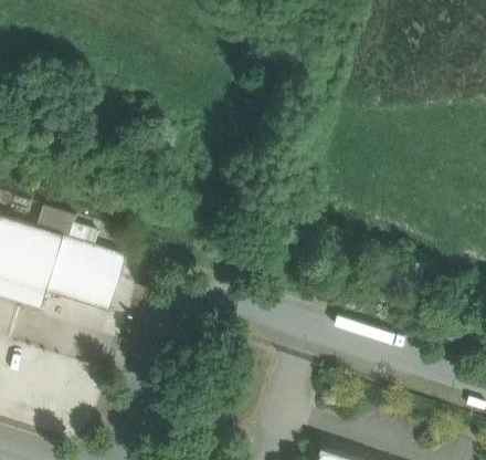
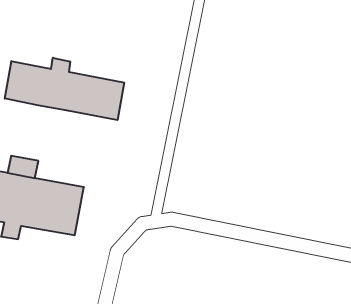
building: none -> [5,58,124,120]

